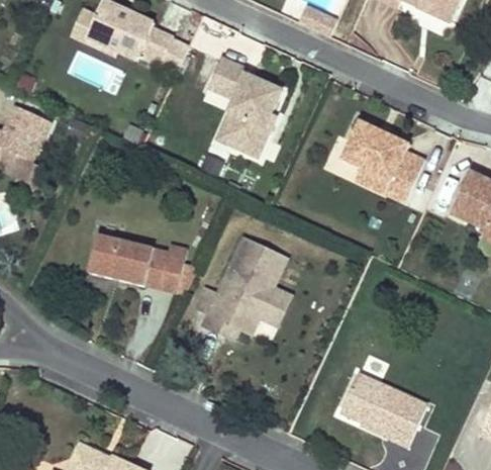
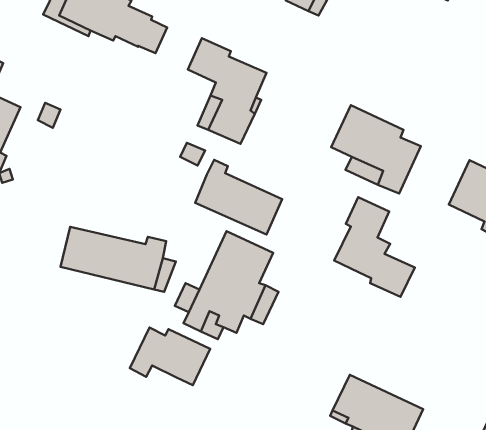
building: none -> [195,160,282,235]
building: none -> [334,197,415,297]
building: none -> [130,327,210,385]

